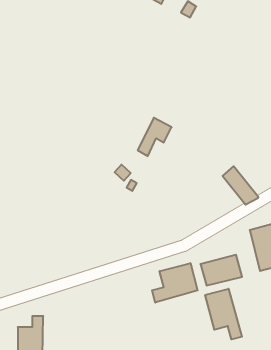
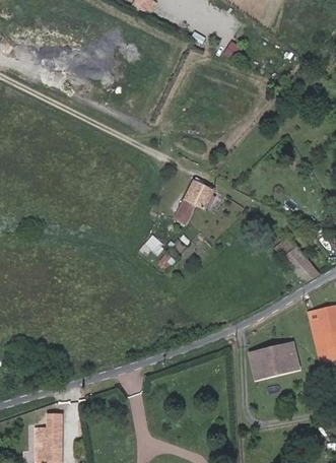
building: [152,263,198,303] -> none
building: [205,289,242,339] -> none

